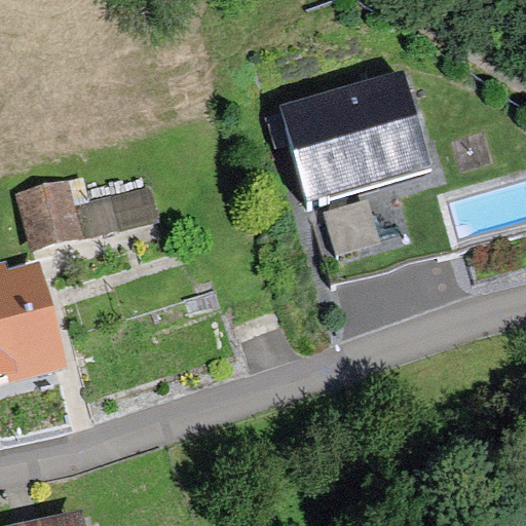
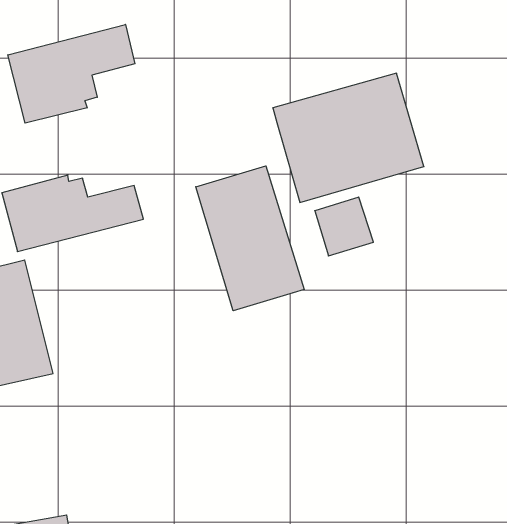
building: none -> [8,24,135,123]
building: none -> [196,166,304,311]

